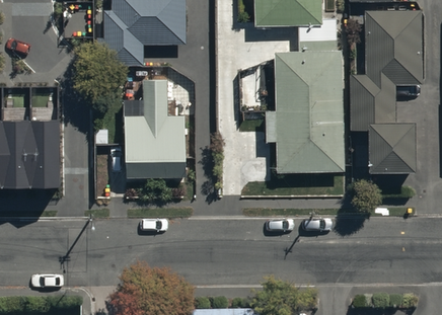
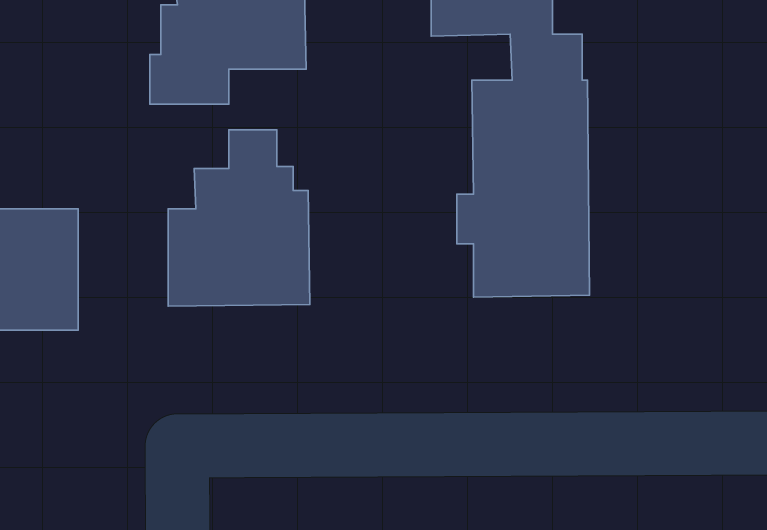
building: [352,11,422,170] -> none

